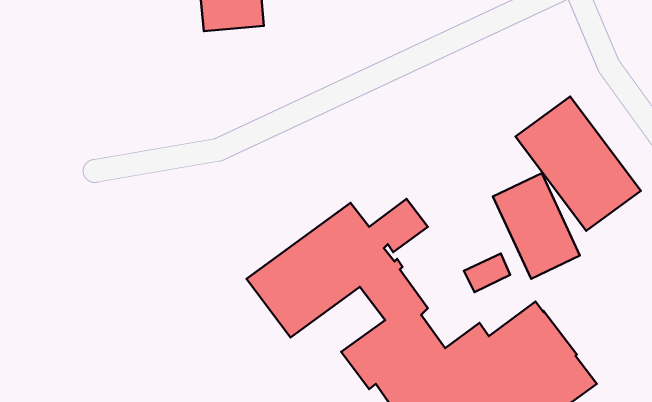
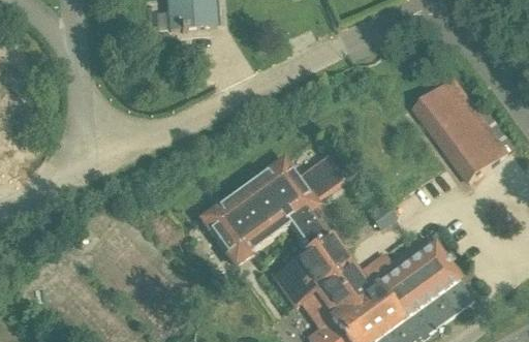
building: [493,173,580,279] -> none

